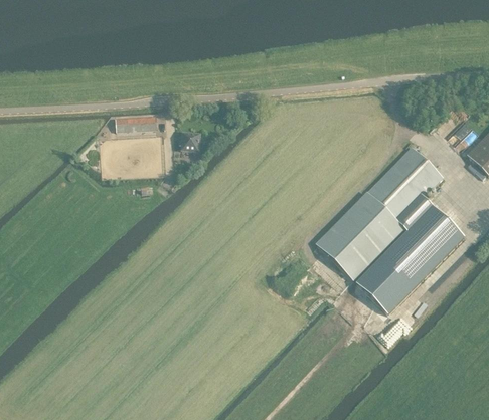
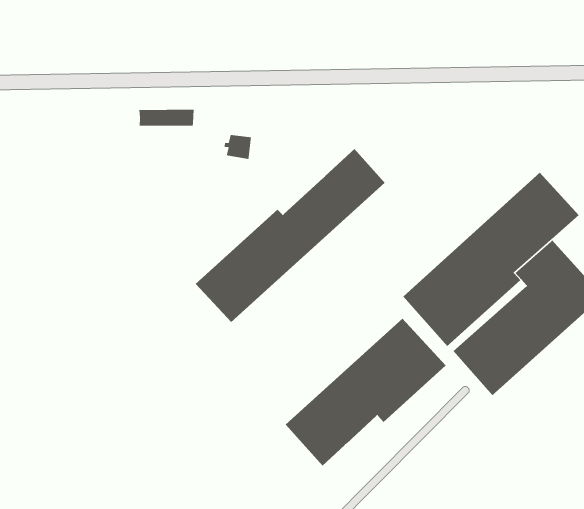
building: none -> [195,148,386,323]
building: none -> [285,318,446,467]

